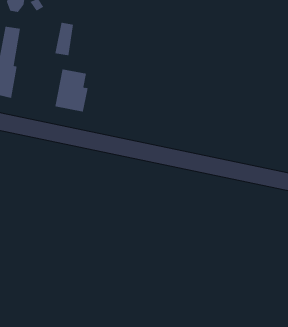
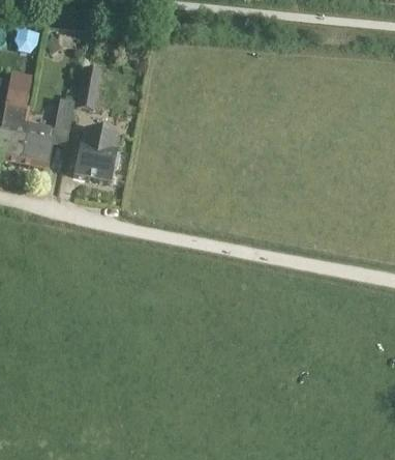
building: none -> [21,97,75,168]

